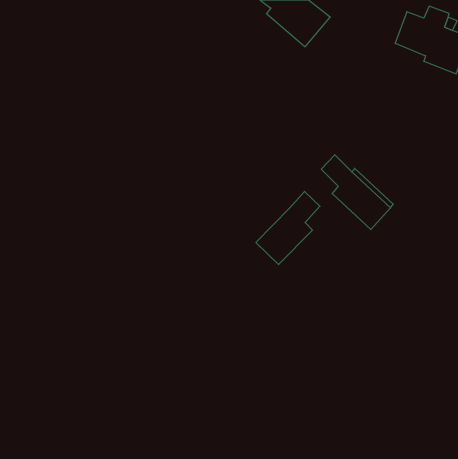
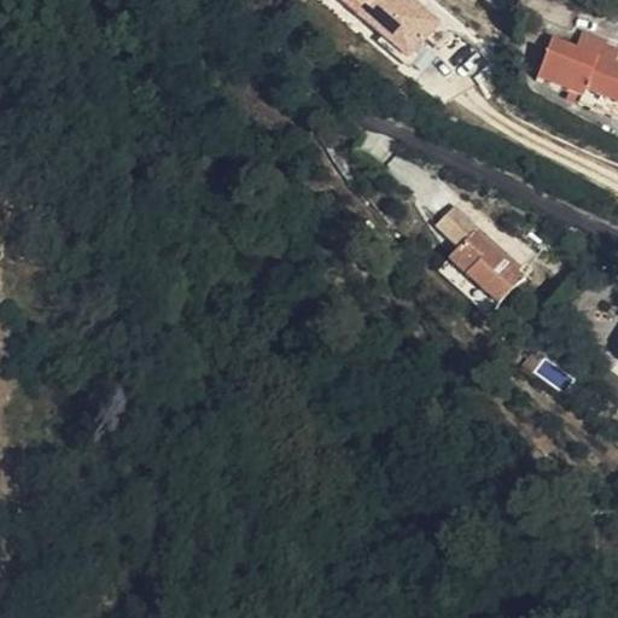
building: [256,191,320,265] -> none

